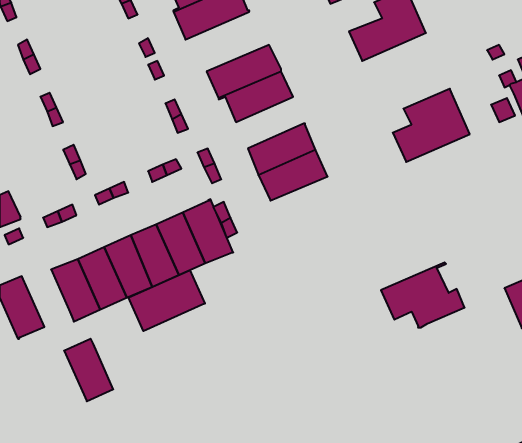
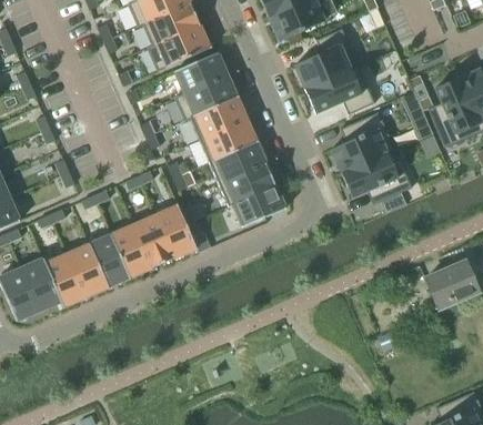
building: none -> [175,52,228,98]
building: none -> [305,65,375,114]
building: none -> [200,119,256,162]
building: none -> [229,185,286,226]
building: [381,262,465,328] -> [342,150,412,204]
building: [128,270,205,331] -> none
building: [64,339,113,401] -> [21,259,62,311]

